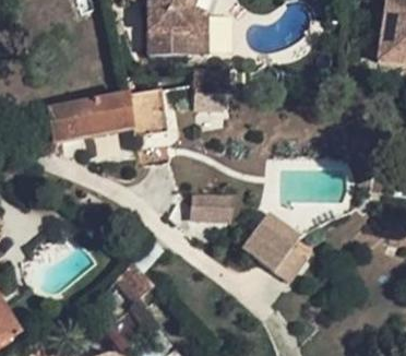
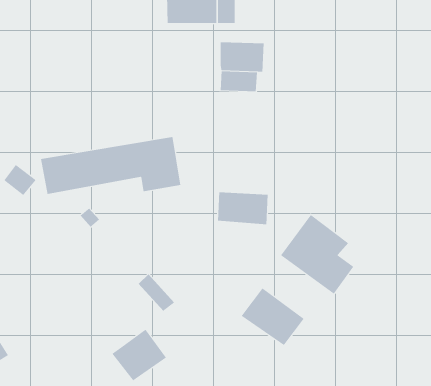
building: [49,91,166,139] -> [40,137,181,194]
building: none -> [241,287,304,346]

